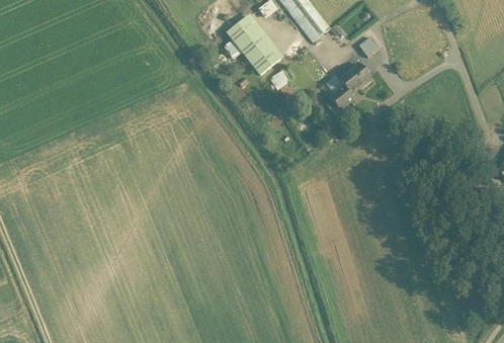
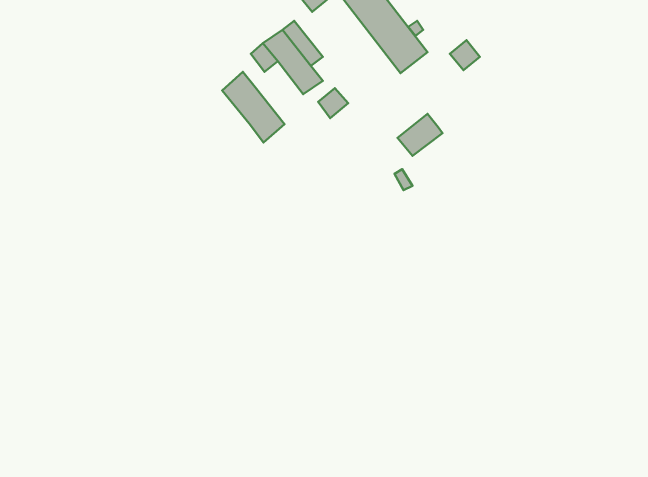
building: none -> [222,72,284,143]
building: [337,61,369,93] -> none

